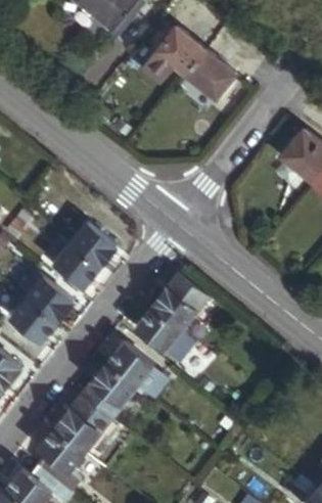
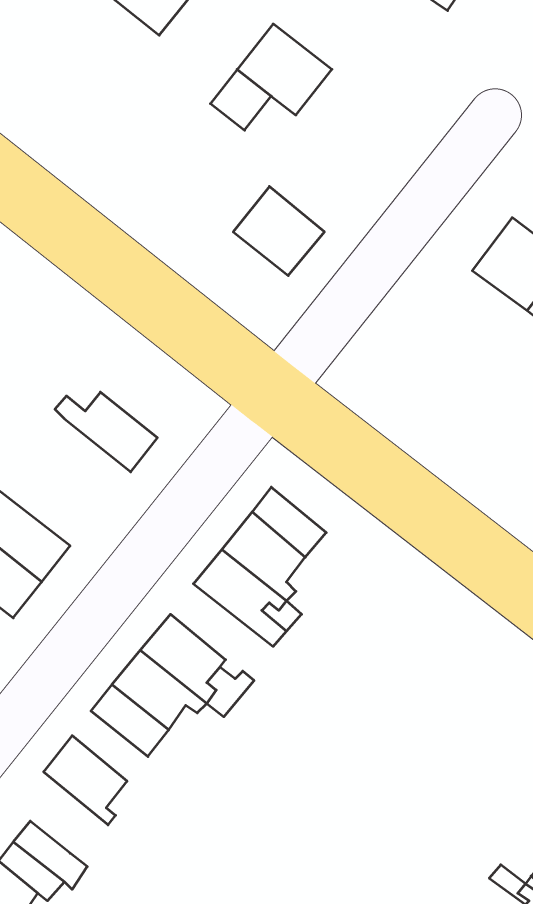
building: [190,49,239,97] -> [233,186,324,276]
building: [53,237,101,286] -> none
building: [38,427,89,471] -> none

